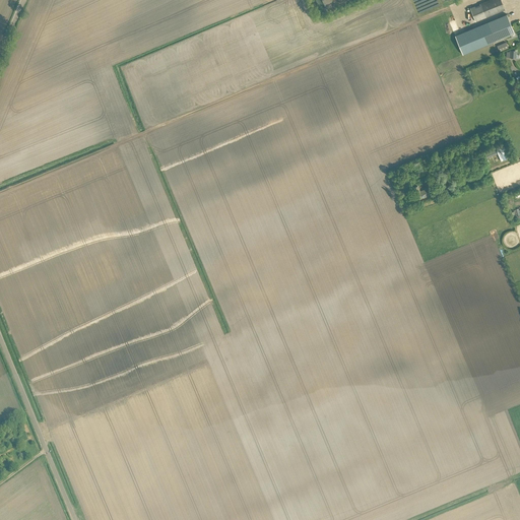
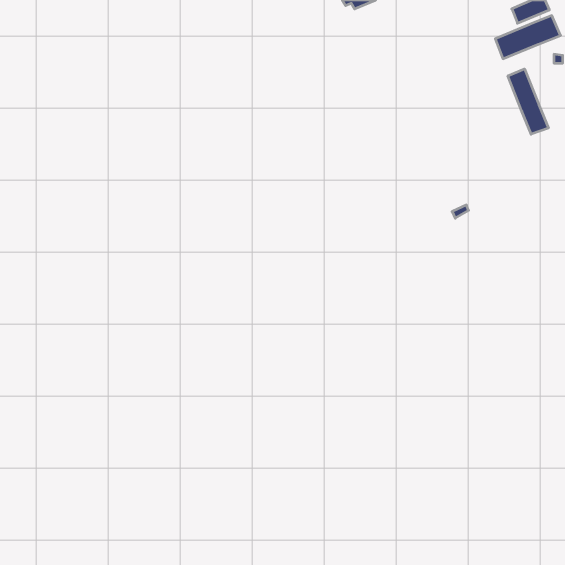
building: none -> [508,69,548,134]

